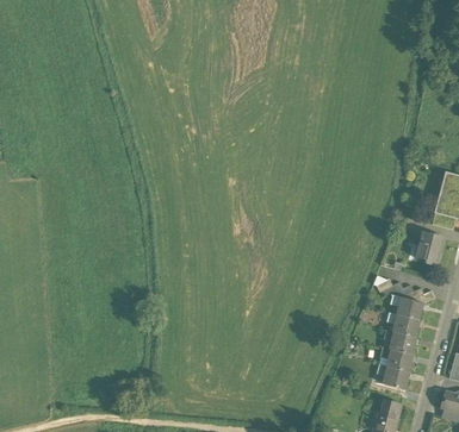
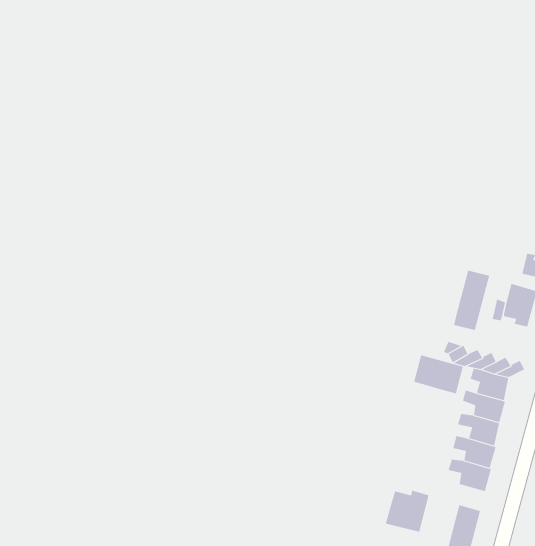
building: none -> [453,270,490,331]
building: none -> [413,354,464,394]
building: none -> [385,490,429,532]

